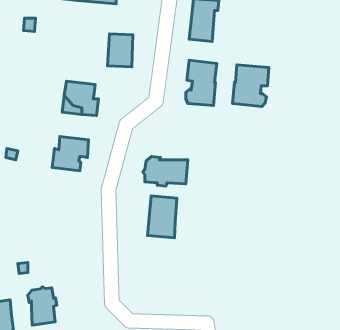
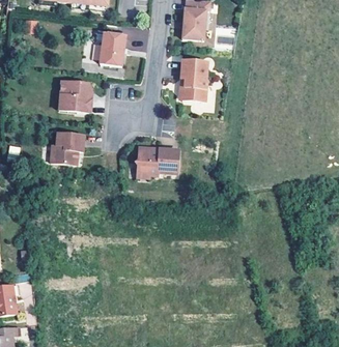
building: [232,65,269,107] -> none
building: [147,196,177,238] -> none
building: [28,287,57,325] -> none

